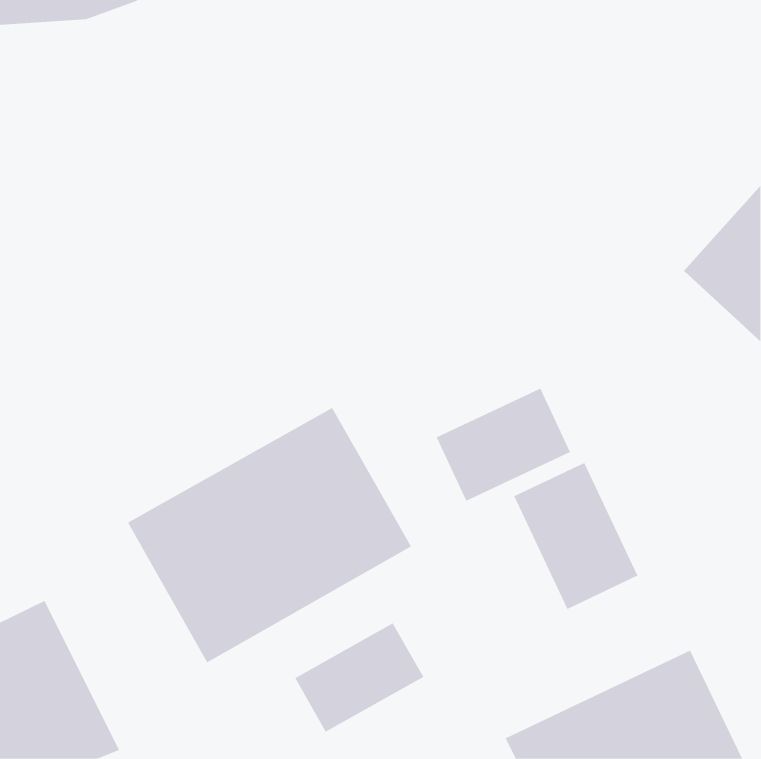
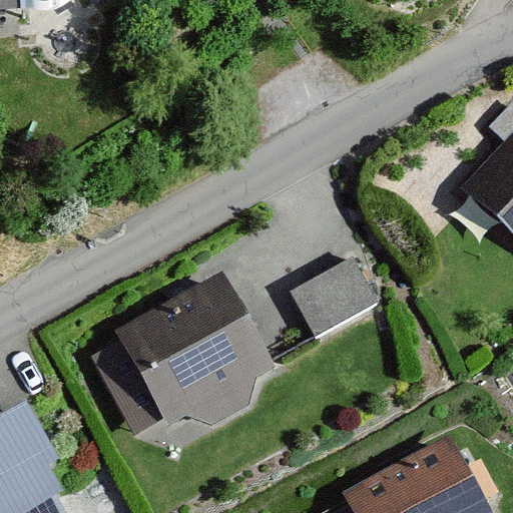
building: [514,462,638,610] -> none
building: [294,622,424,733] -> none

